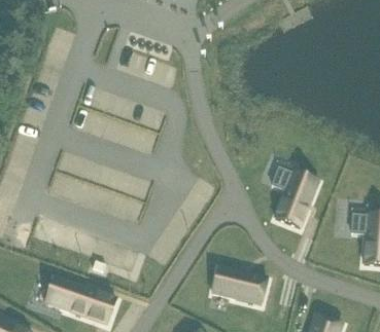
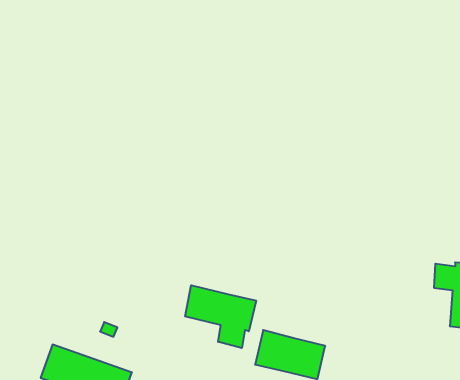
building: [272,168,318,227] -> none
building: none -> [185,285,256,348]

